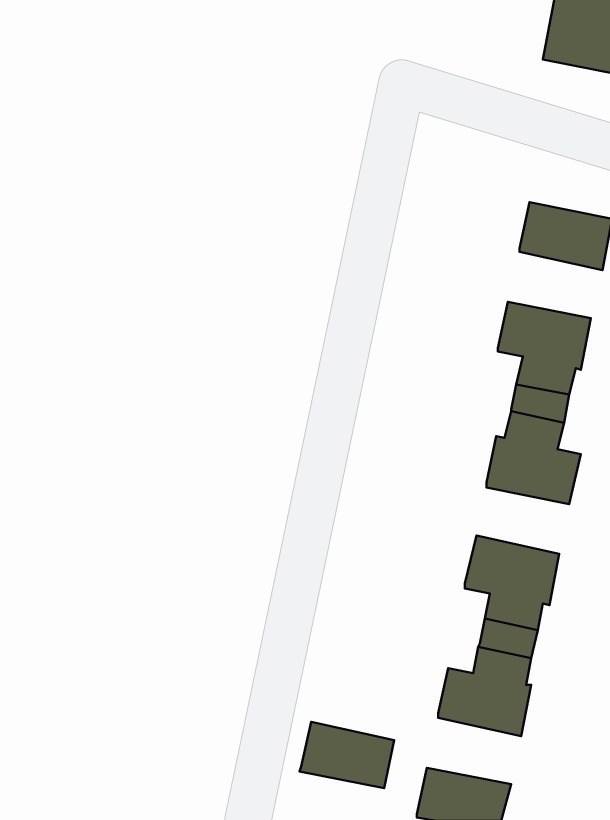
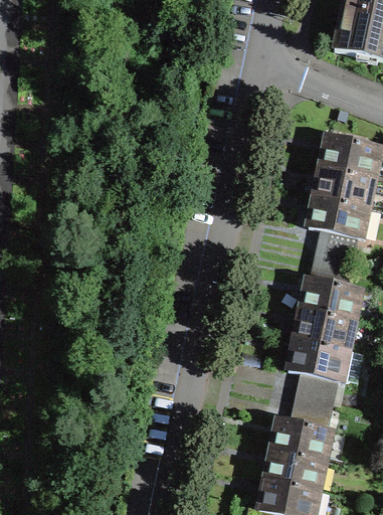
building: none -> [316,165,373,205]
building: none -> [297,308,353,348]
building: [300,722,394,788] -> [266,448,324,488]

